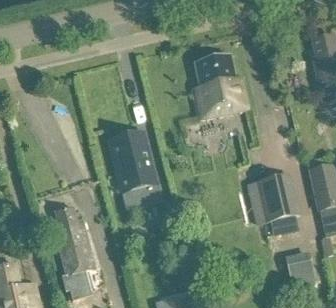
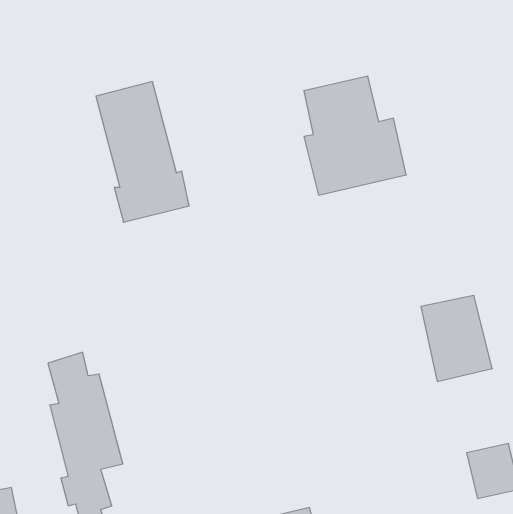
building: [111,132,162,209] -> [96,82,189,222]

